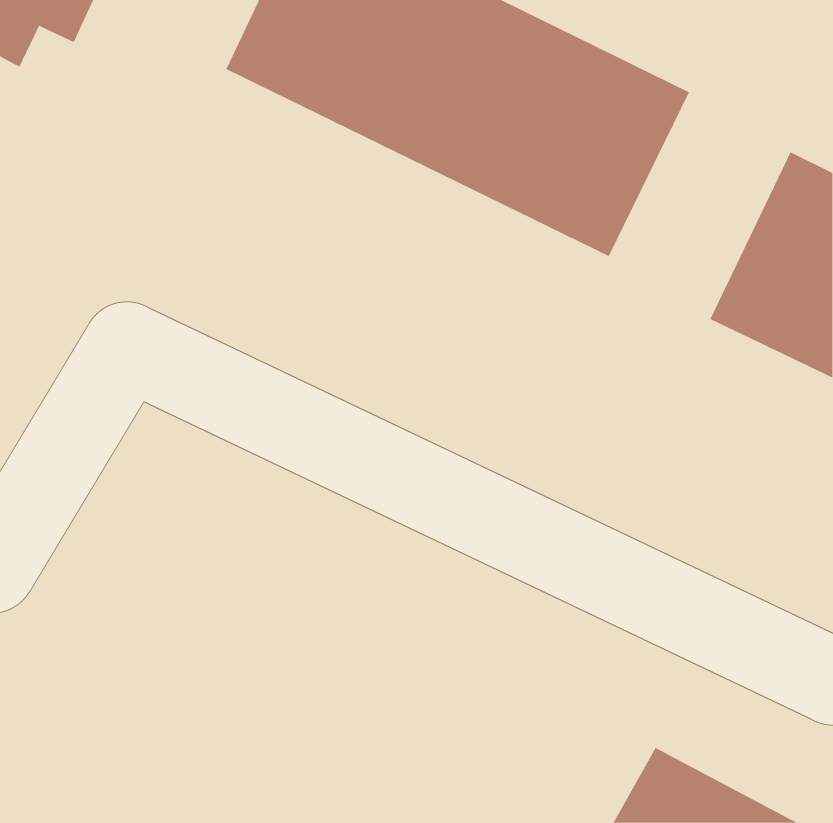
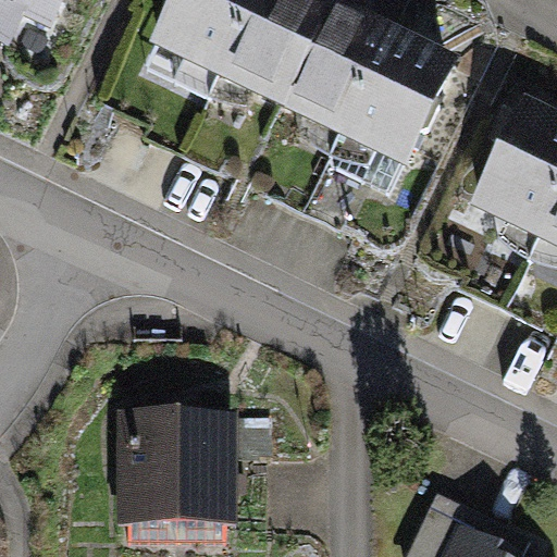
building: none -> [119,406,236,528]

